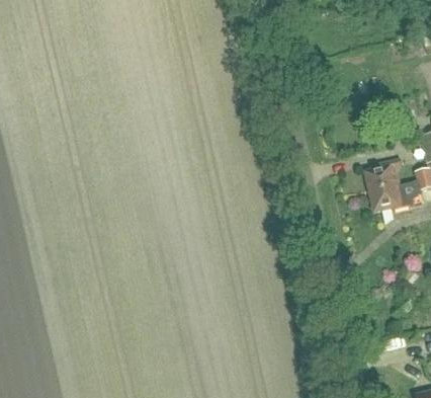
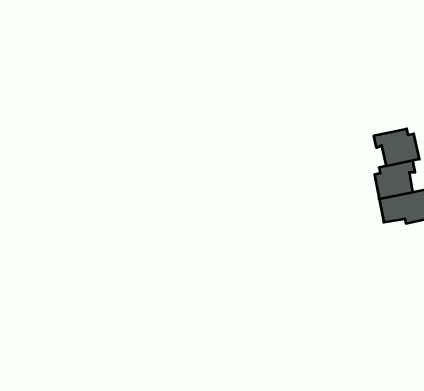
building: none -> [374,129,419,166]

